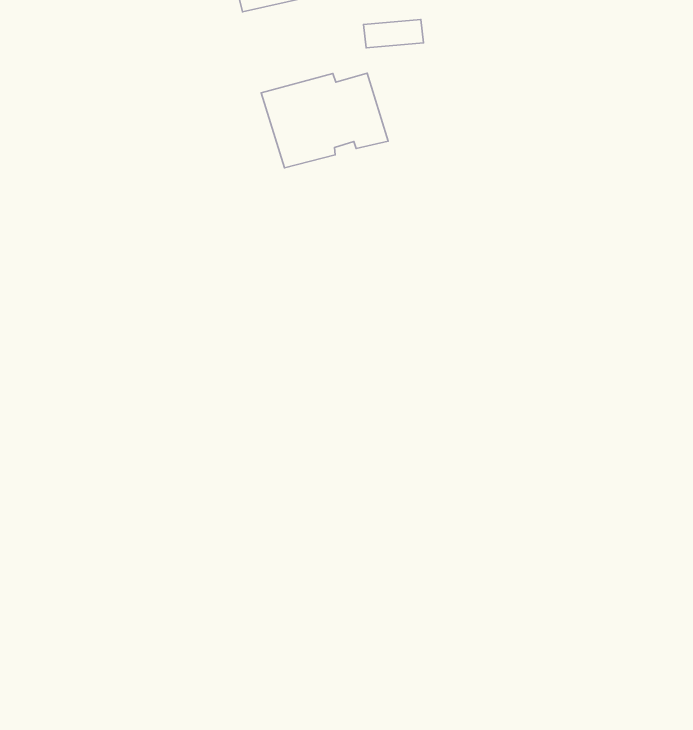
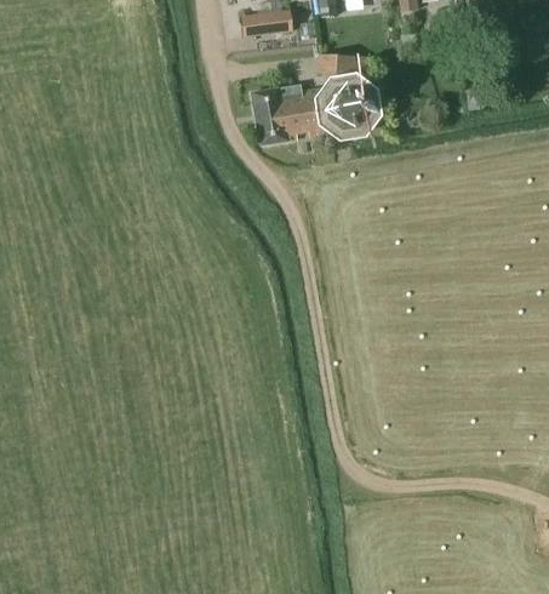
building: none -> [327,87,366,126]

